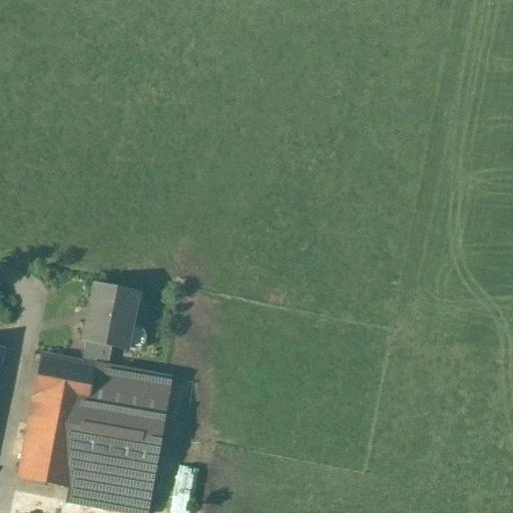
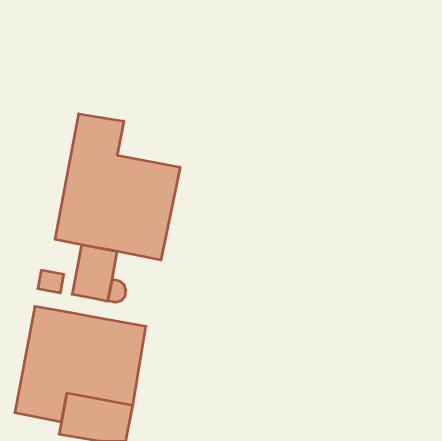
building: none -> [55,114,180,260]
building: [82,340,112,366] -> [38,270,64,293]

